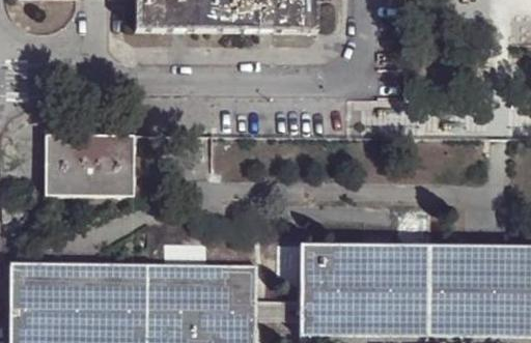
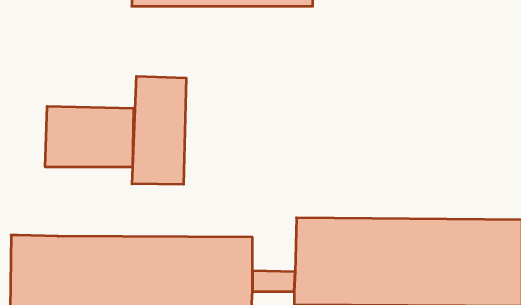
building: none -> [132,76,186,184]

